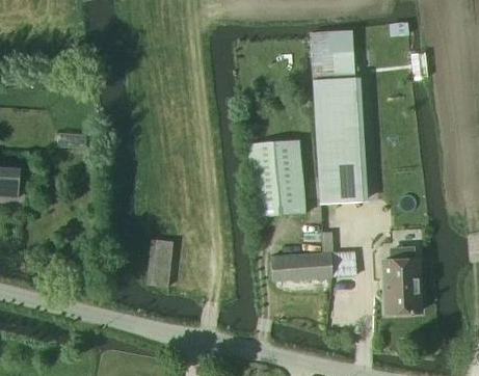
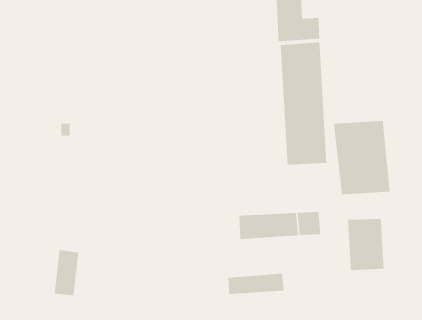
building: [247,140,307,217] -> [333,121,391,195]
building: [148,238,174,286] -> [54,250,79,296]
building: none -> [228,273,284,295]

